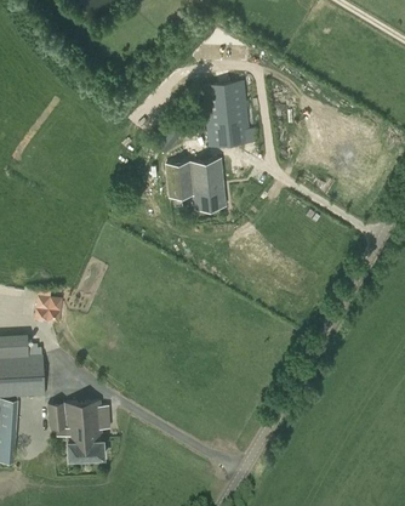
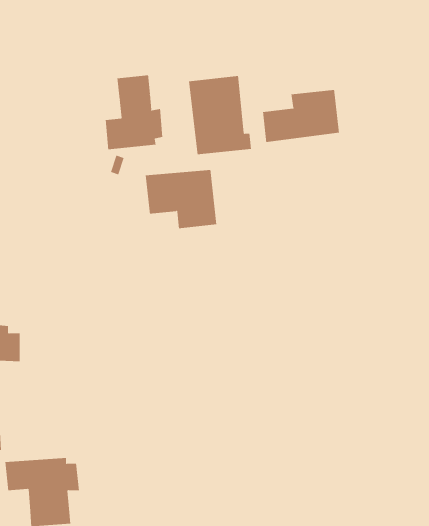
building: none -> [105,75,163,150]
building: none -> [262,89,340,143]

